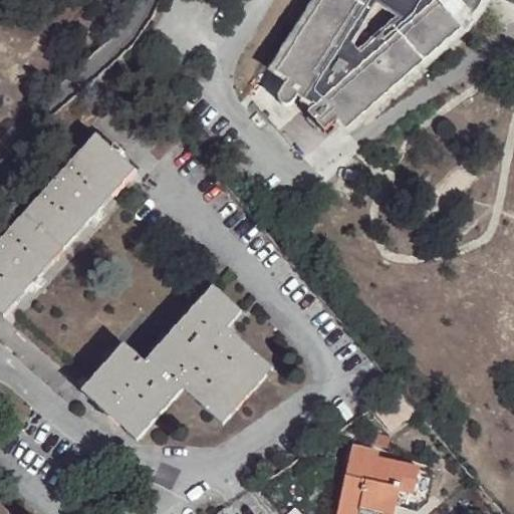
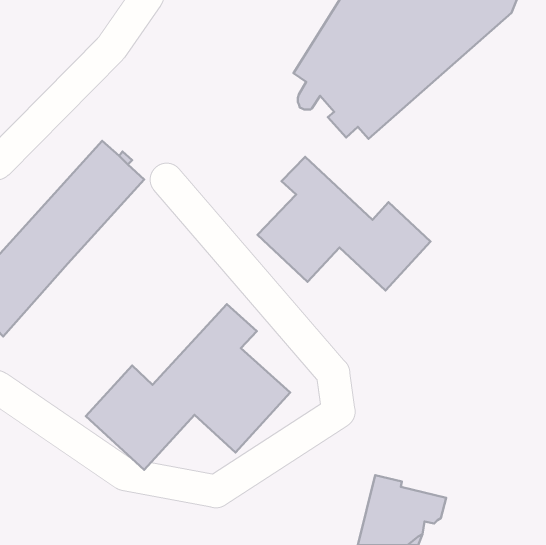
building: none -> [258,157,431,290]

